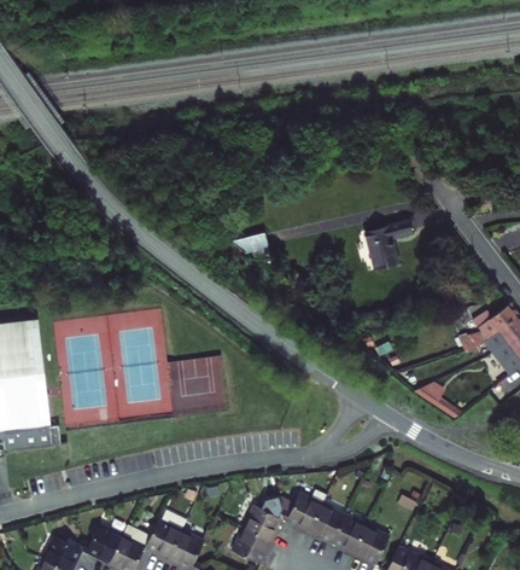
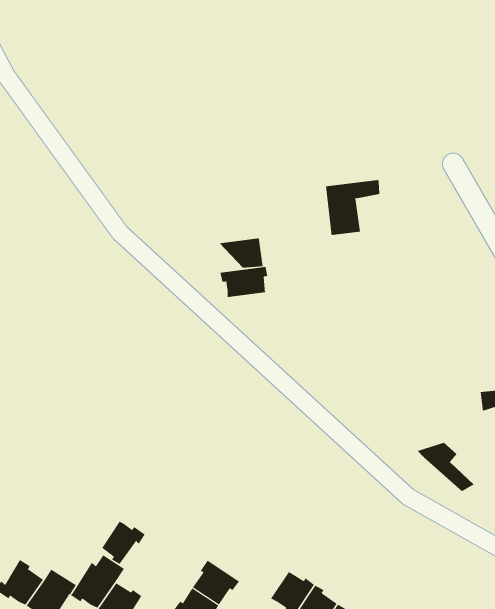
building: [363,222,409,273] -> [325,179,380,236]
building: none -> [220,266,268,298]
building: none -> [101,521,145,565]
building: [281,483,325,529] -> none

